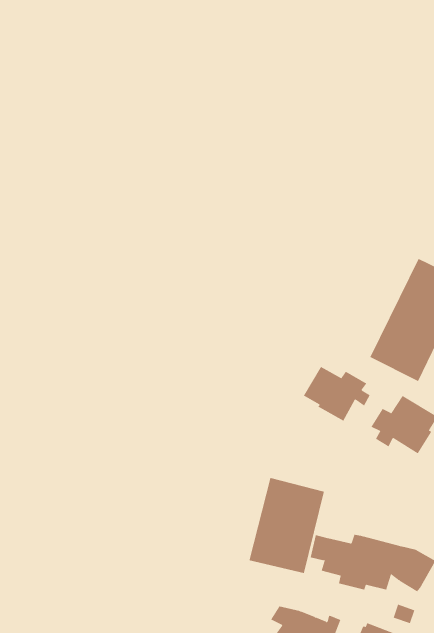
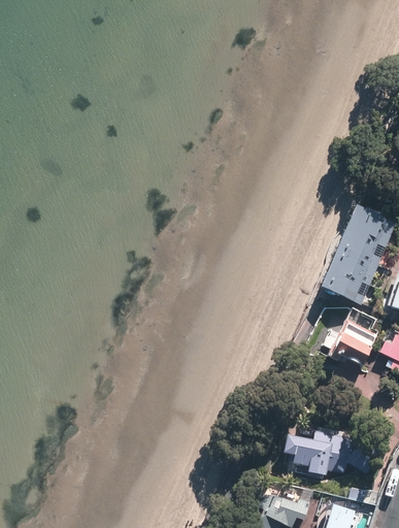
building: [303,366,371,421] -> none
building: [249,477,324,574] -> none

